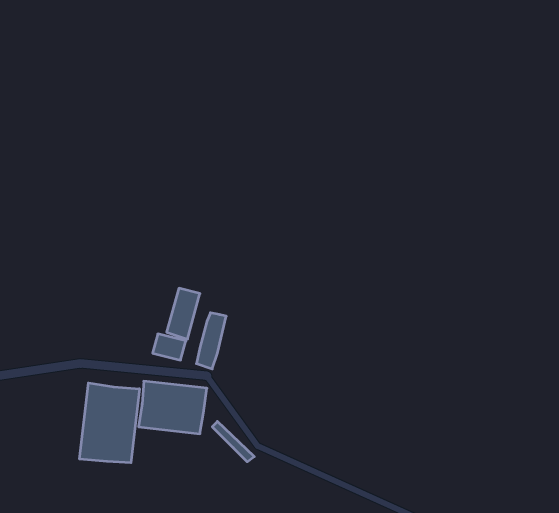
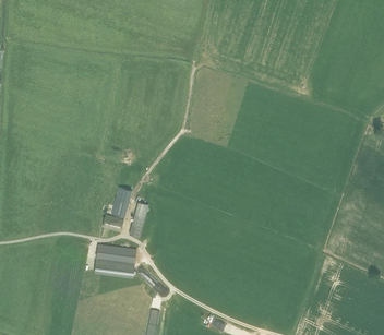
building: [80,383,139,463] -> none

